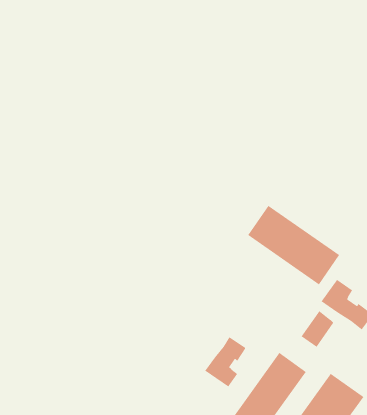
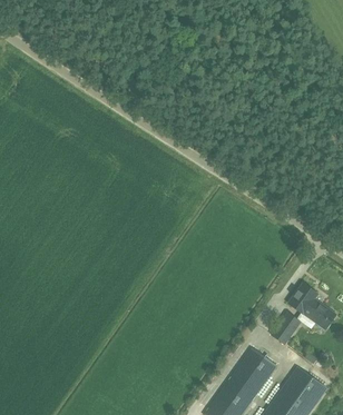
building: [247,205,340,285] -> none
building: [204,336,246,388] -> none

